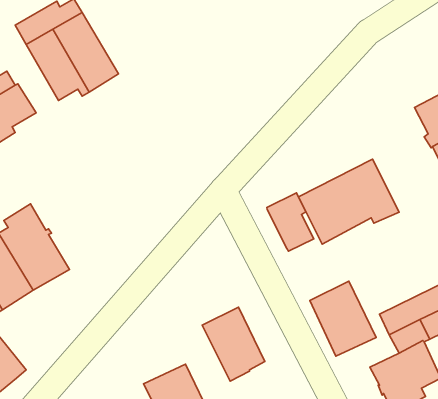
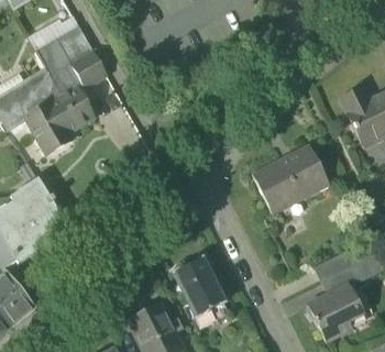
building: none -> [24,86,94,153]
building: [267,193,314,251] -> none
building: [310,281,376,356] -> none

